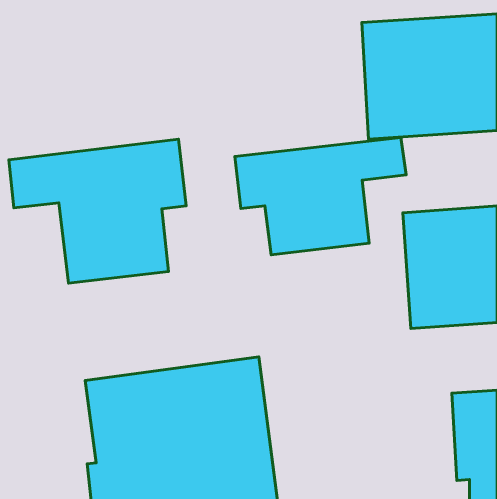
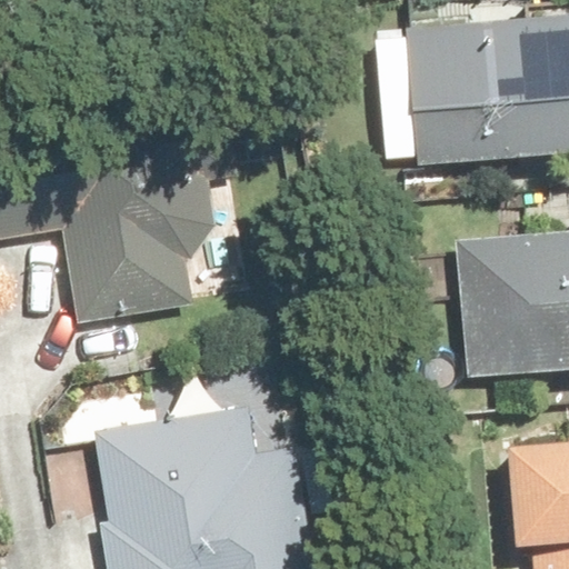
building: [235,137,406,255] -> none

